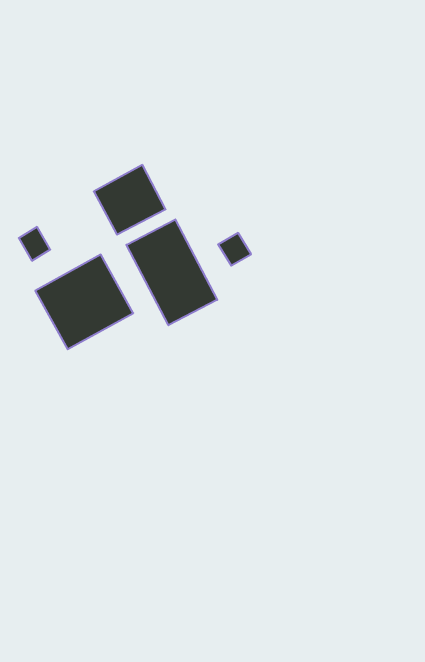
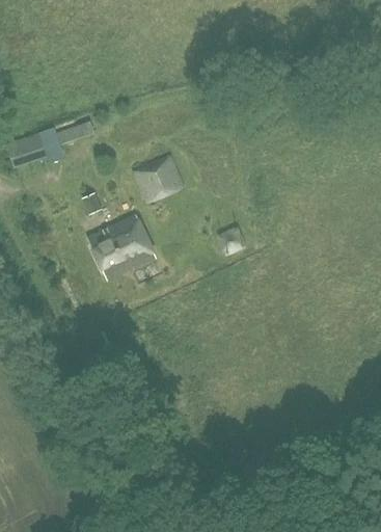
building: [126,219,217,325] -> none

